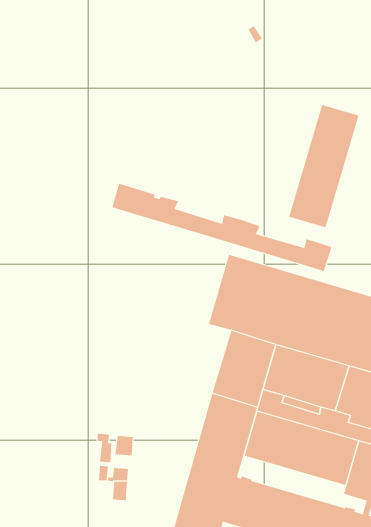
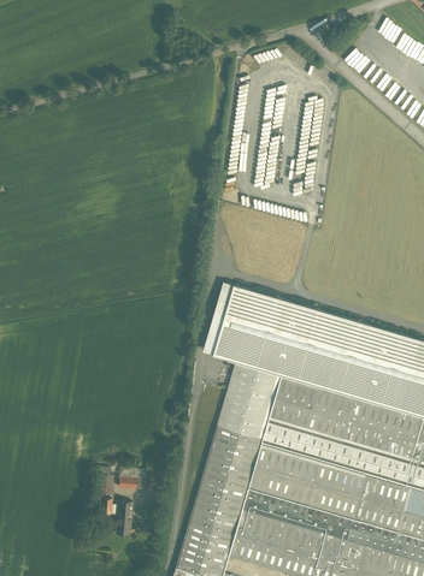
building: [288,104,359,228] -> none
building: [100,183,332,272] -> none
building: none -> [243,489,373,548]

